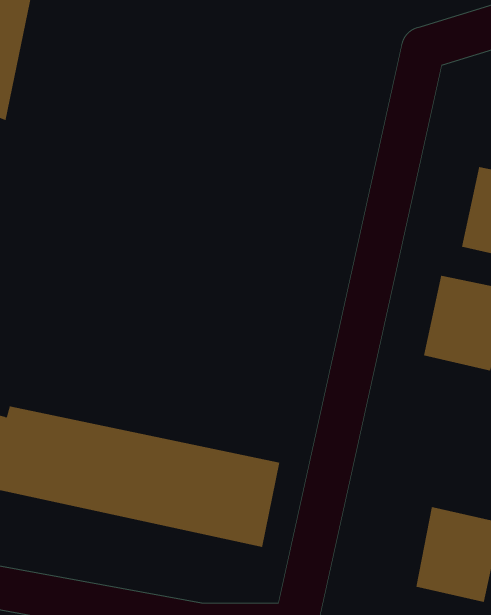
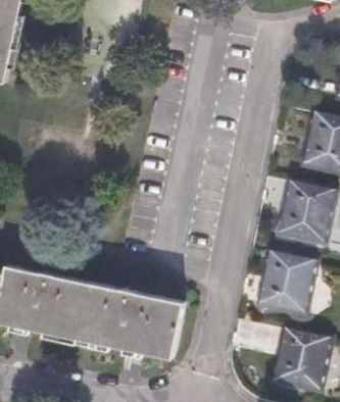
building: none -> [258,253,313,313]

